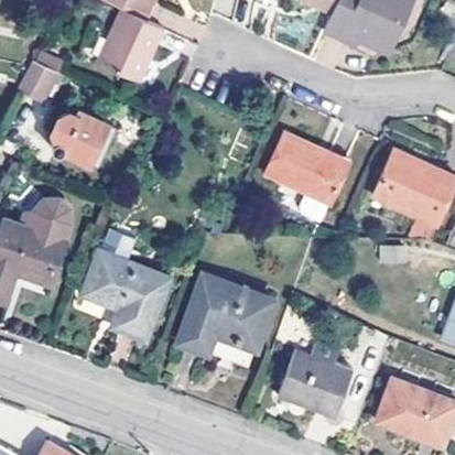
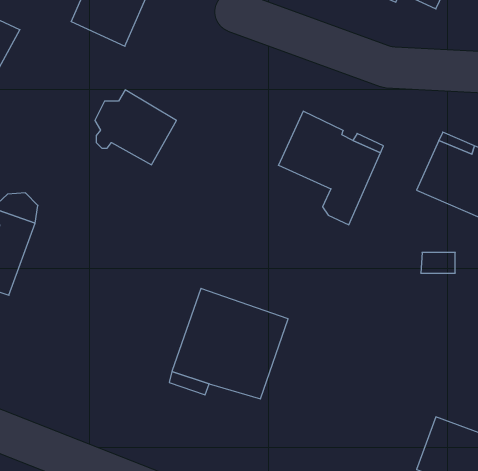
building: [48,108,113,167] -> [95,90,176,165]
building: [83,250,167,337] -> none
building: [279,343,355,415] -> none

